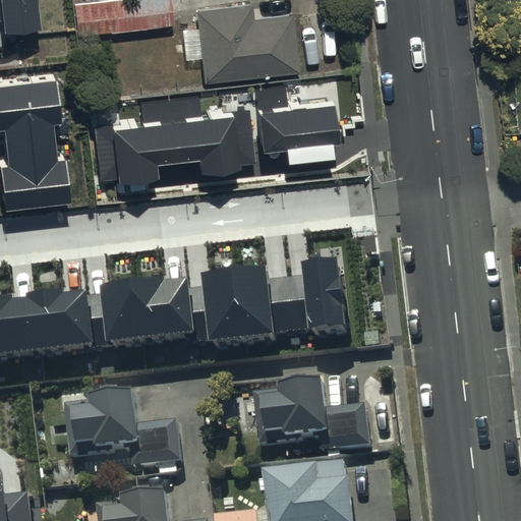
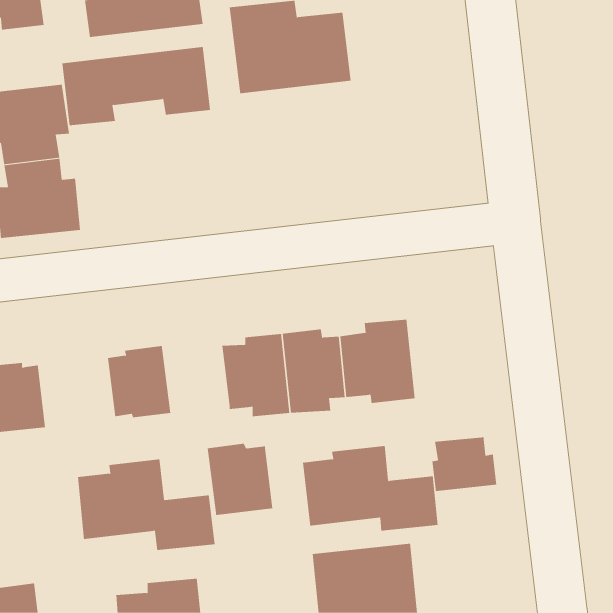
building: [254,96,335,144] -> none
building: [109,107,235,174] -> [61,46,211,126]
building: [137,288,193,349] -> [207,443,273,516]
building: [33,300,97,361] -> none
building: none -> [432,436,497,492]

